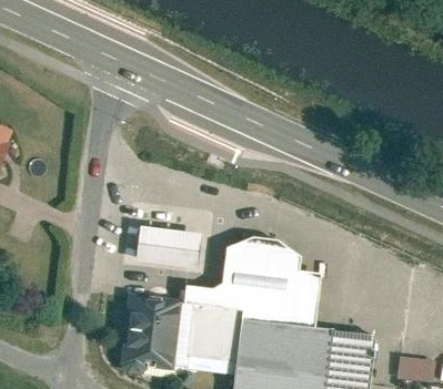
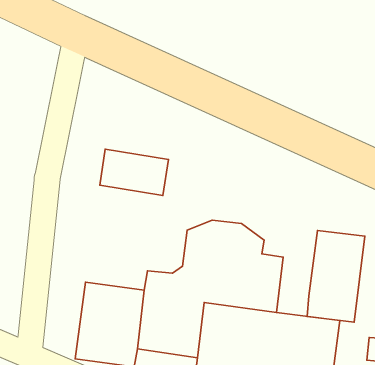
building: [131,225,199,270] -> [100,149,169,195]
building: none -> [307,230,365,322]

